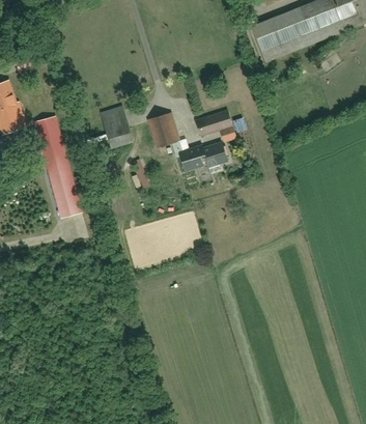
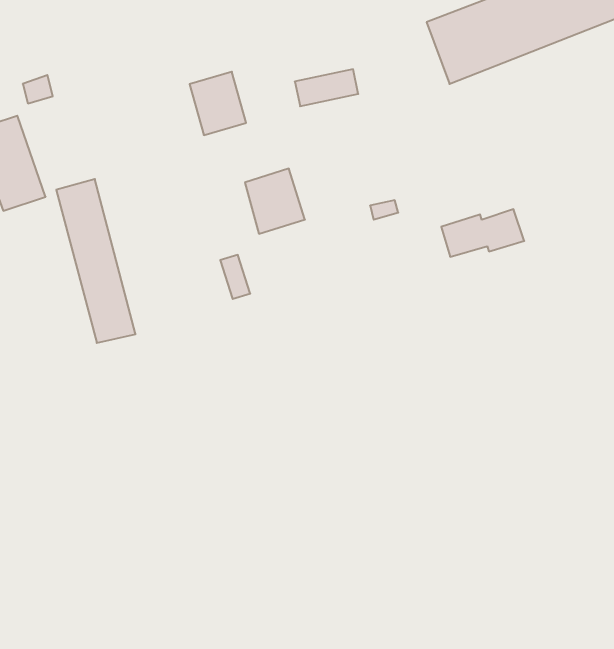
building: [98,105,132,142] -> [190,72,246,135]
building: [195,111,232,133] -> [295,69,358,106]
building: [176,141,225,169] -> [441,209,524,257]

